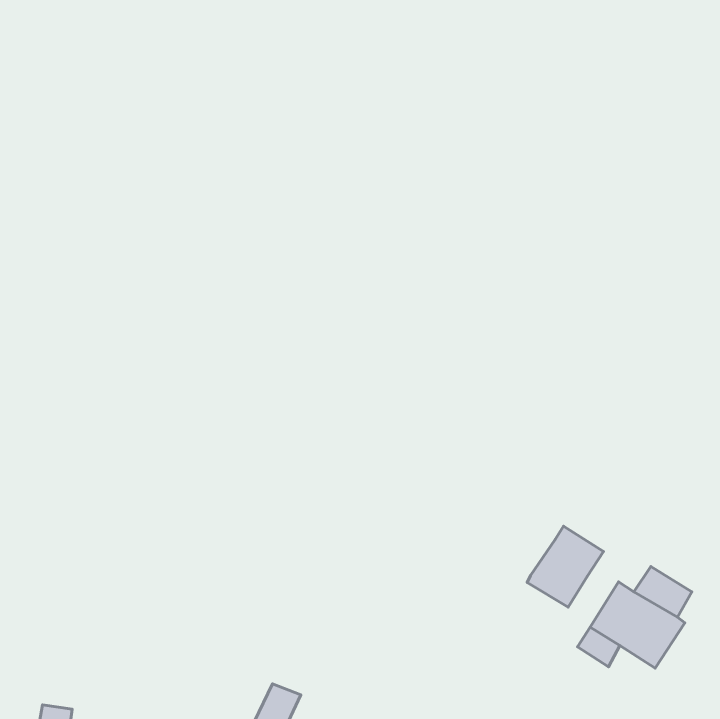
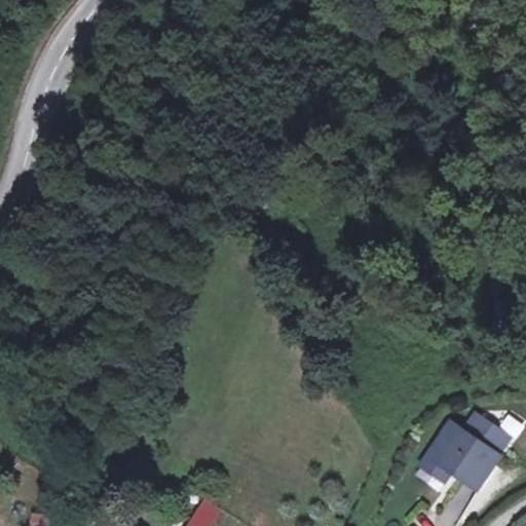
building: [527,526,603,607] -> none

